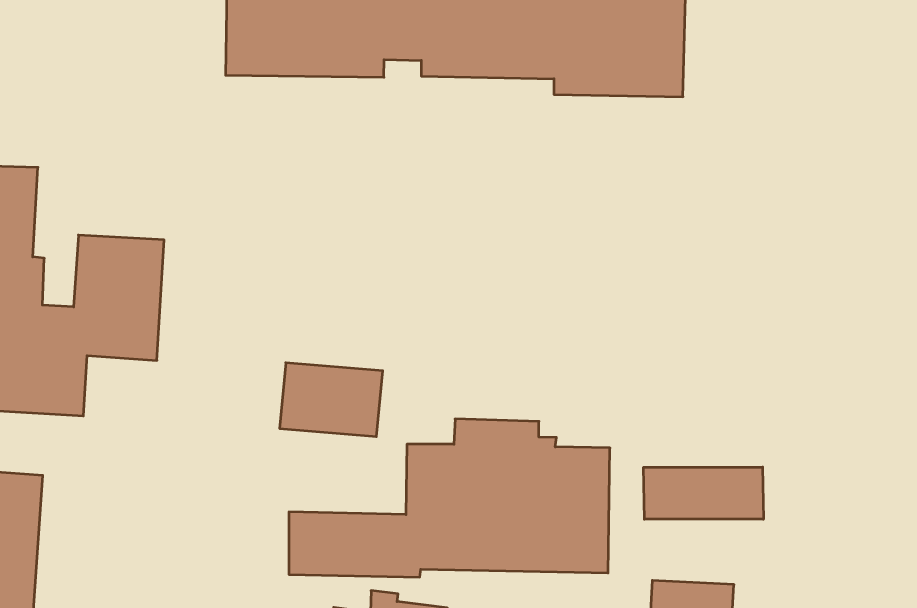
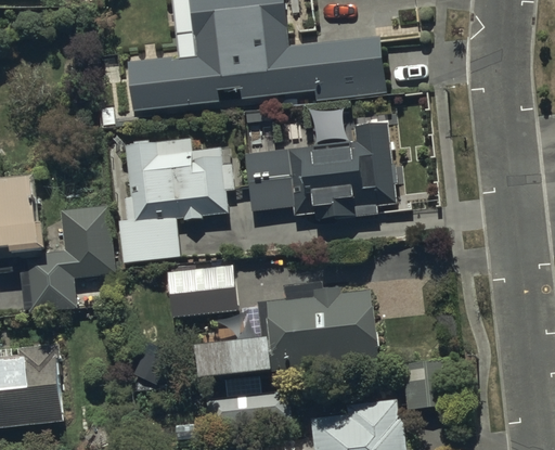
building: none -> [112,138,231,260]
building: none -> [244,125,393,218]
building: [644,467,763,519] -> none

